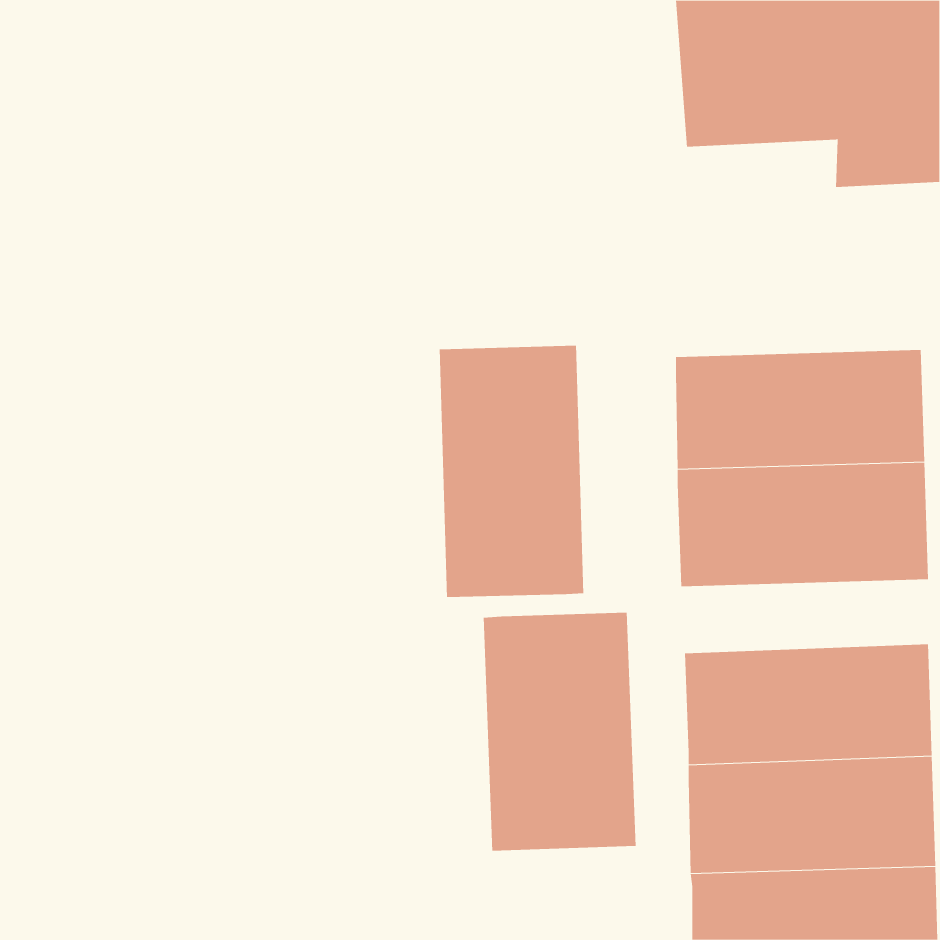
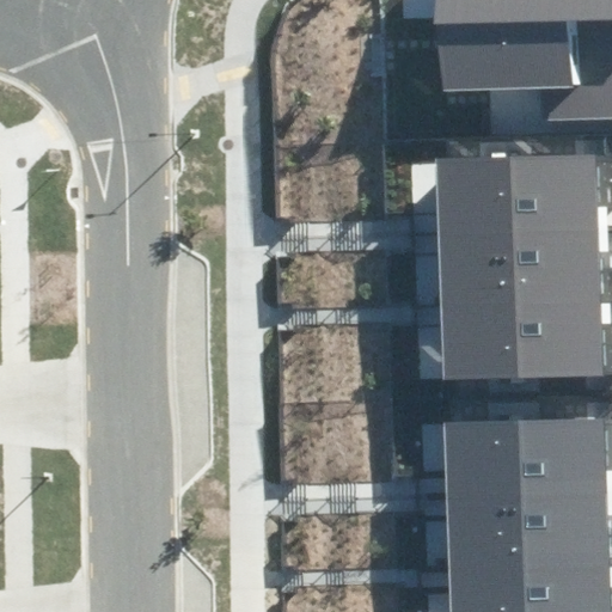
building: none -> [436,154,599,232]
building: [439,345,584,598] -> none
building: [483,612,636,852] -> none

